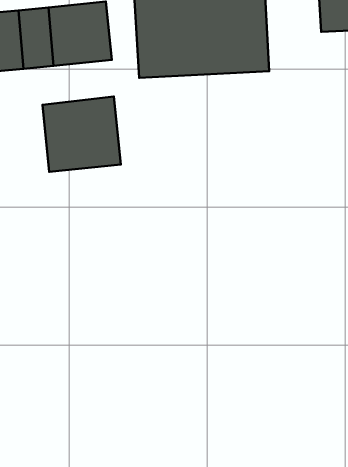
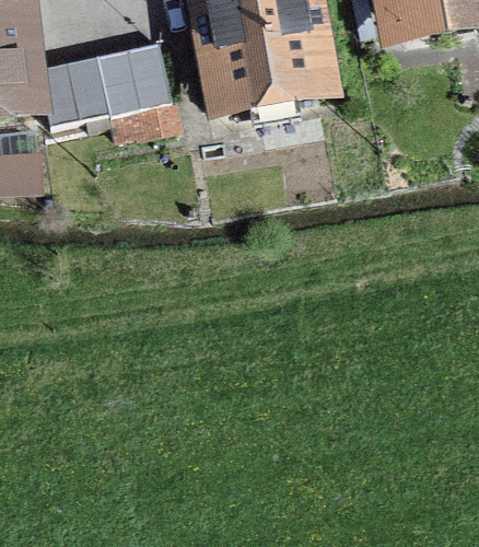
building: [43,96,121,172] -> none

